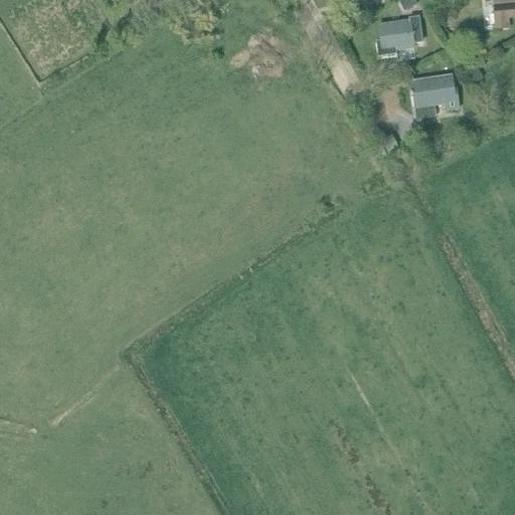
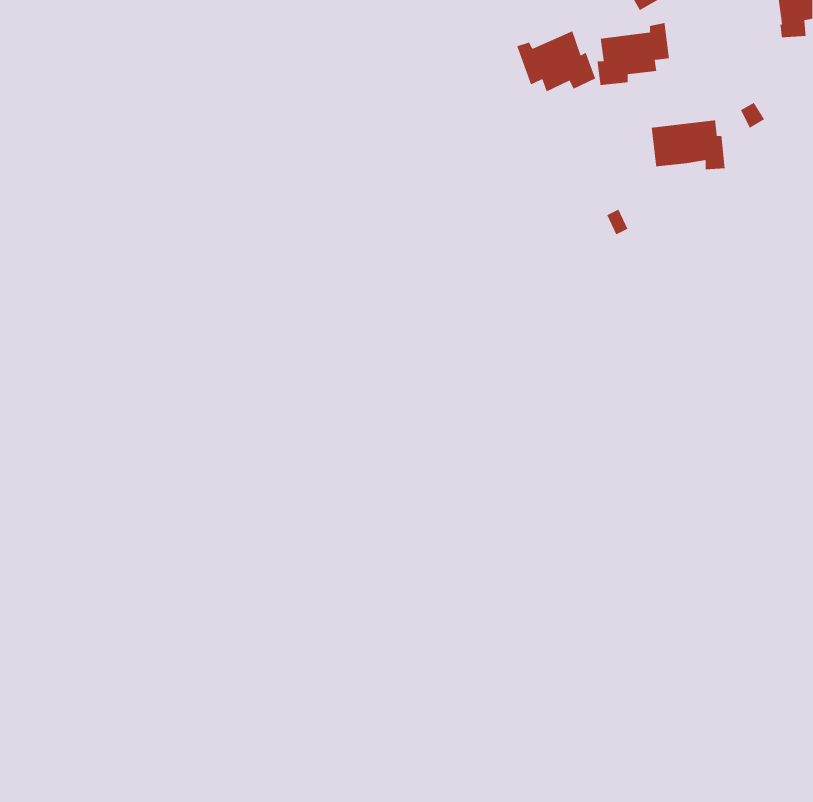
building: none -> [516,30,596,92]

